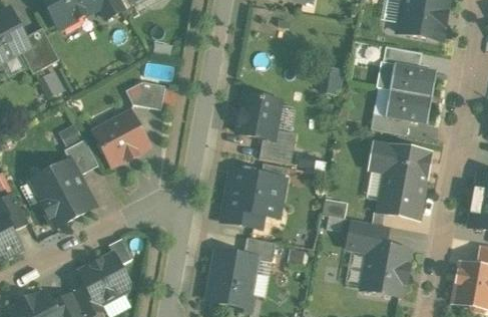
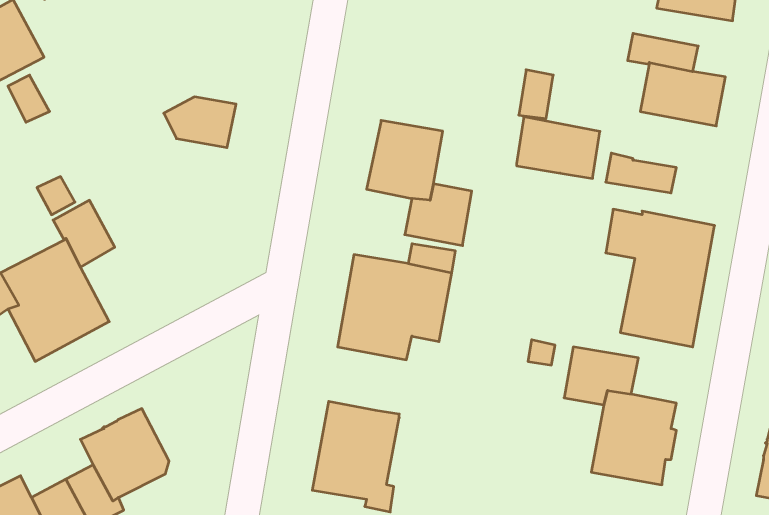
building: [385,89,431,123] -> [517,117,600,178]
building: [94,112,148,165] -> none
building: [242,237,275,261] -> none

